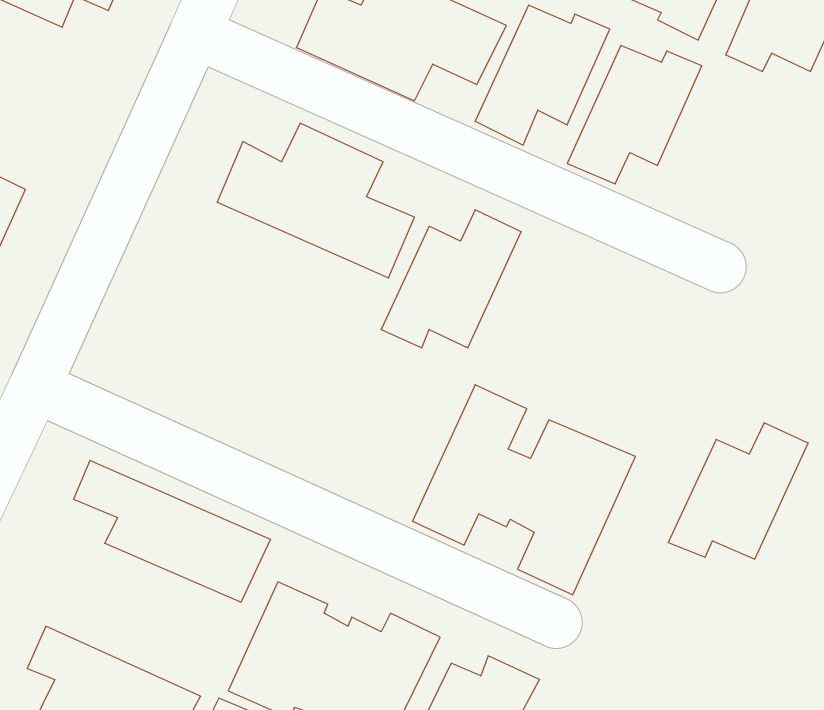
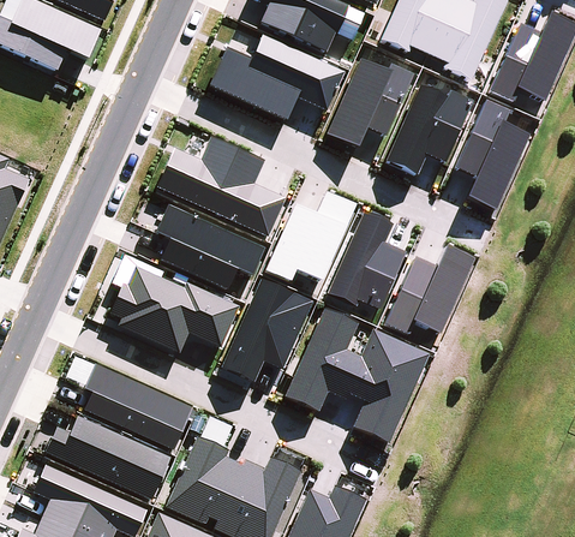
building: none -> [454,99,529,210]
building: none -> [155,203,265,288]
building: none -> [328,210,405,308]
building: none -> [110,252,240,351]
building: none -> [220,278,312,381]
building: [668,423,808,559] -> [383,245,474,334]
building: none -> [46,413,170,497]

